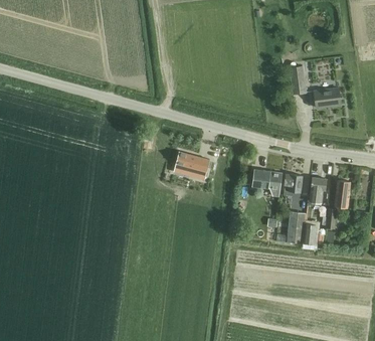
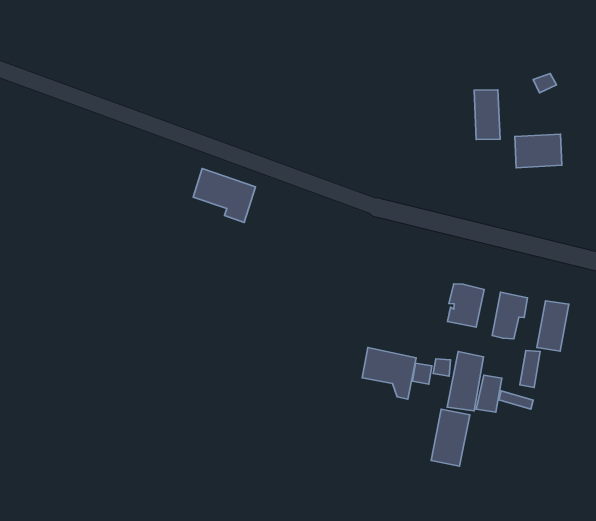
building: [175,152,209,180] -> [193,168,256,222]
building: [252,169,282,196] -> [362,347,416,399]
building: none -> [431,409,470,466]

